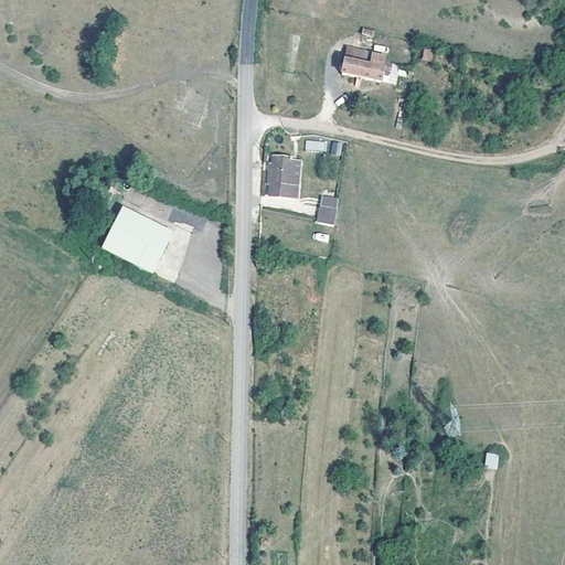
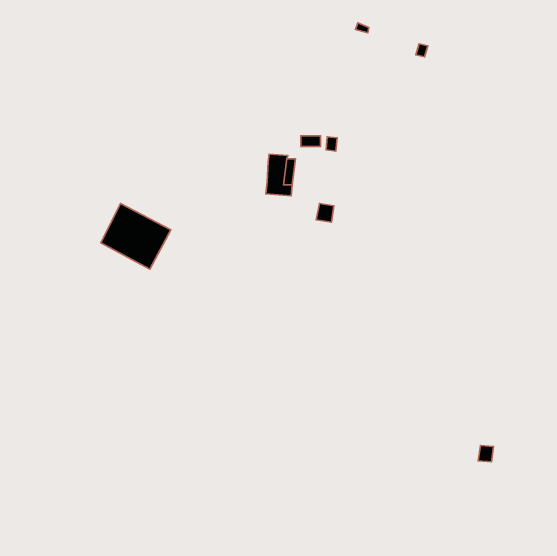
building: [340,47,384,81] -> none

